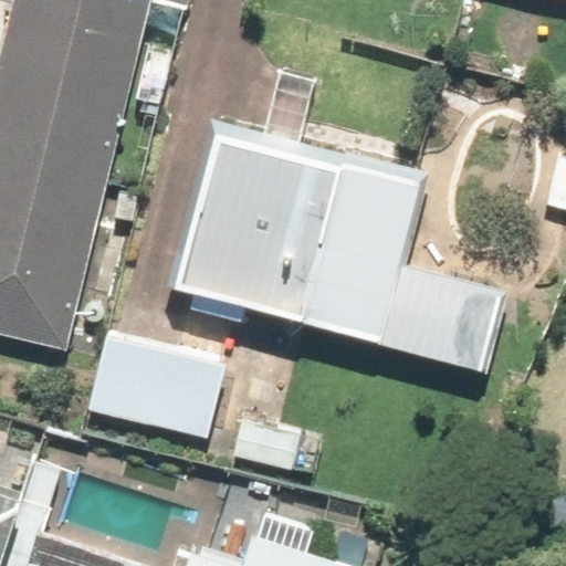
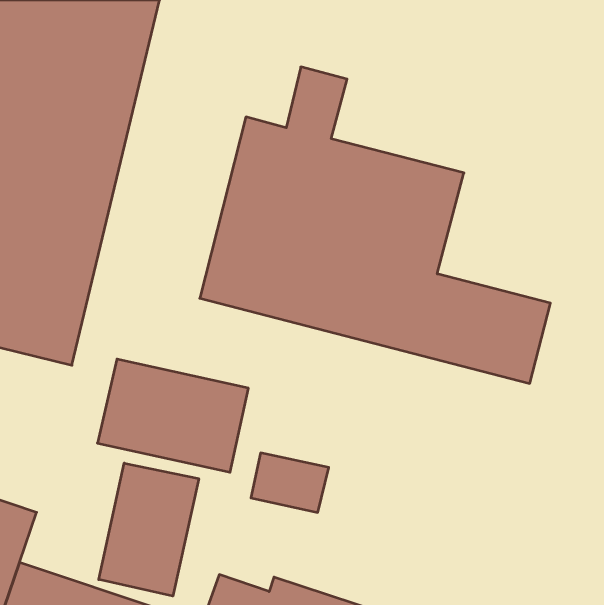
building: none -> [99,463,199,596]

